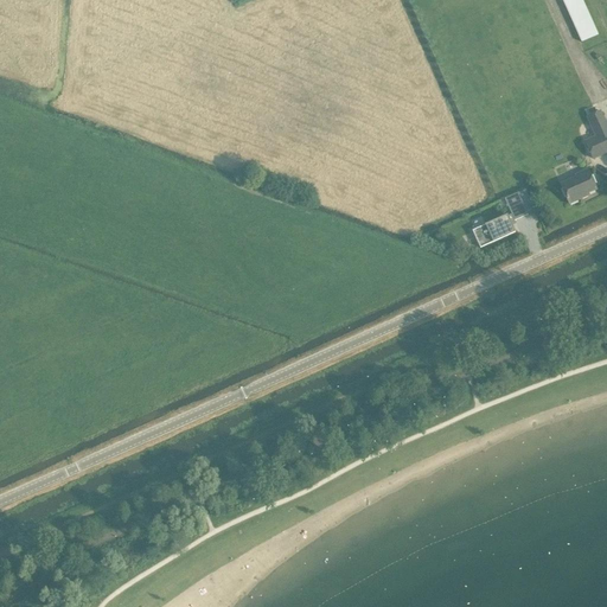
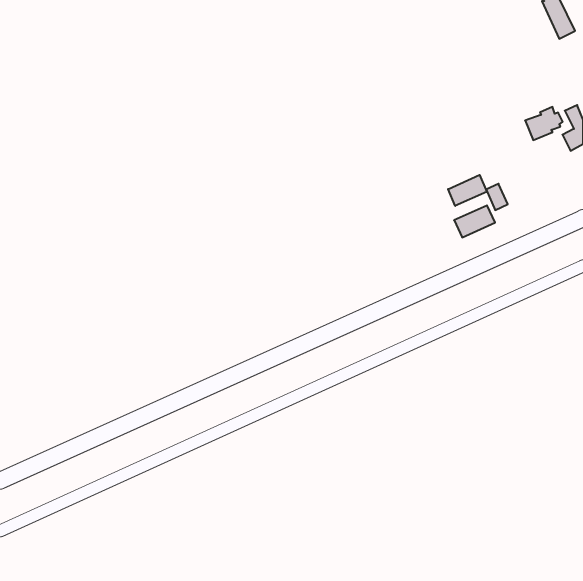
building: [560,167,599,202] -> [525,107,563,140]
building: none -> [448,175,487,206]

